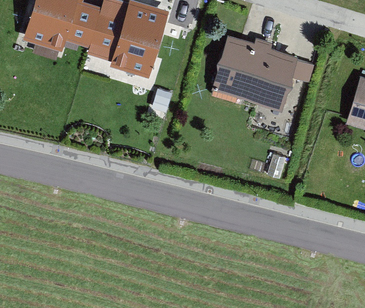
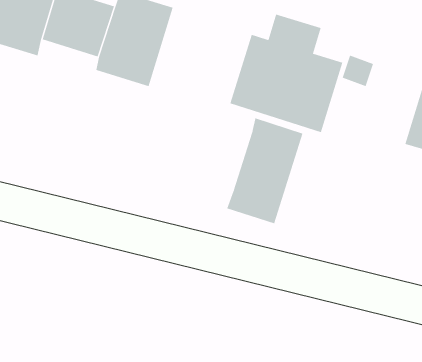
building: none -> [226,118,303,224]

